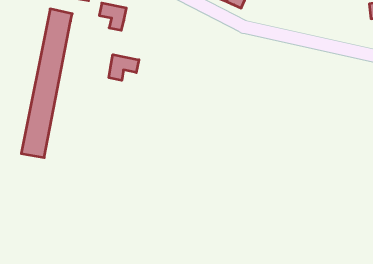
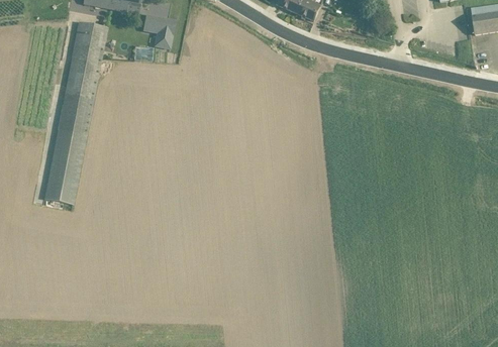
building: [109,55,139,80] -> none

